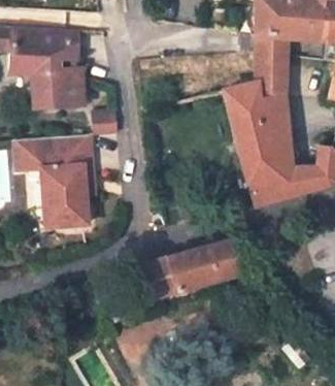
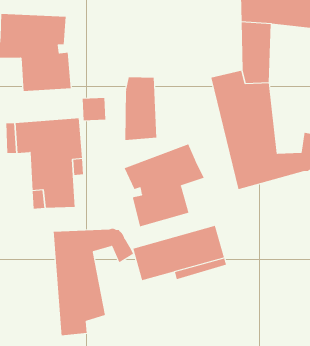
building: none -> [125,77,157,141]
building: none -> [124,144,205,227]
building: none -> [53,228,134,336]

